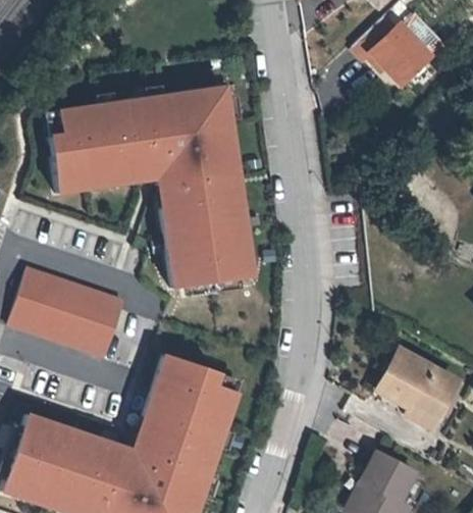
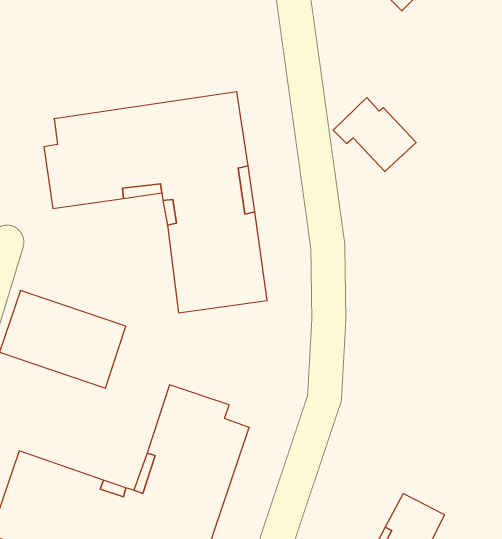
building: [354,16,429,84] -> [333,98,416,172]
building: [378,350,458,428] -> none

